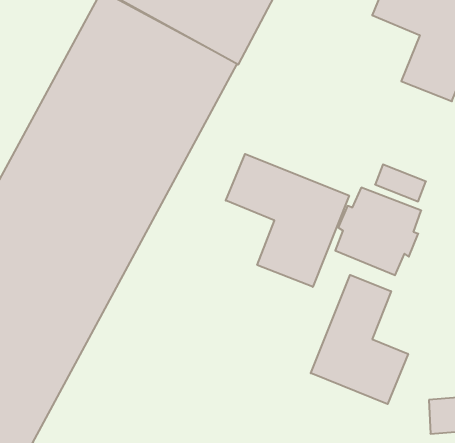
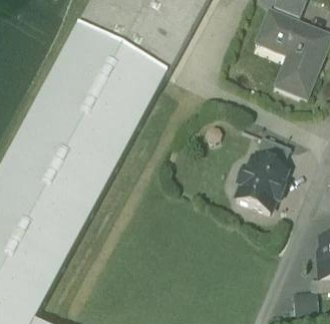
building: [226,154,349,287] -> none
building: [311,275,408,404] -> none

